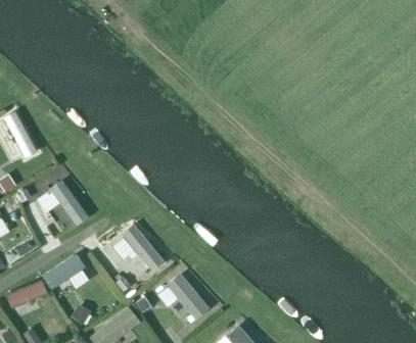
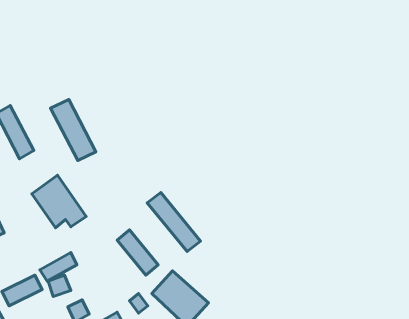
building: none -> [51,100,96,160]
building: none -> [147,193,201,251]

